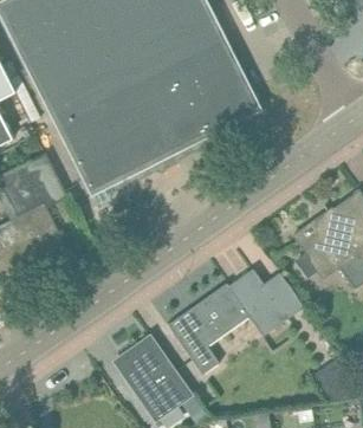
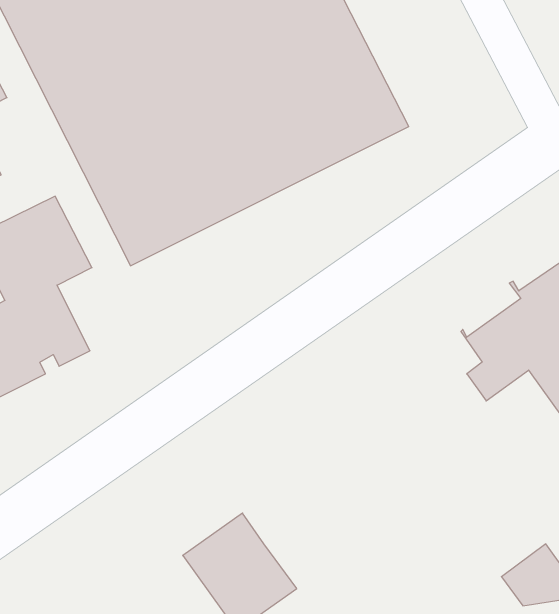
building: [167,267,304,374] -> none

